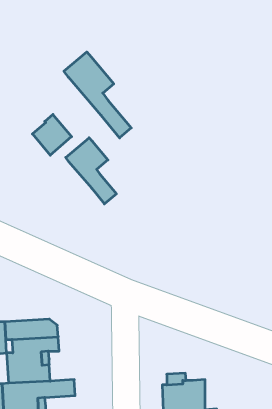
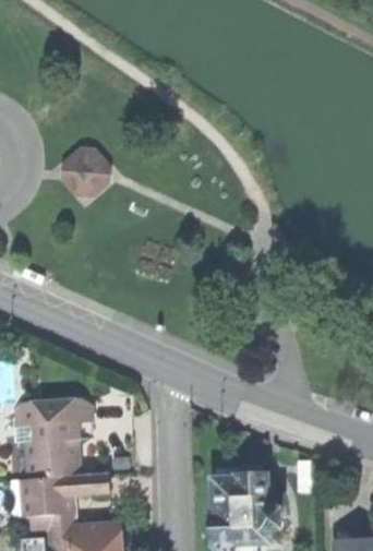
building: [64,52,131,138] -> none
building: [66,138,116,204] -> none

